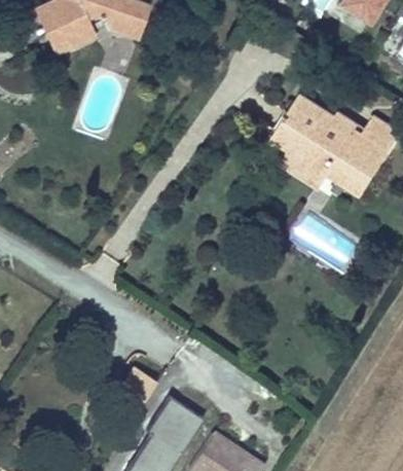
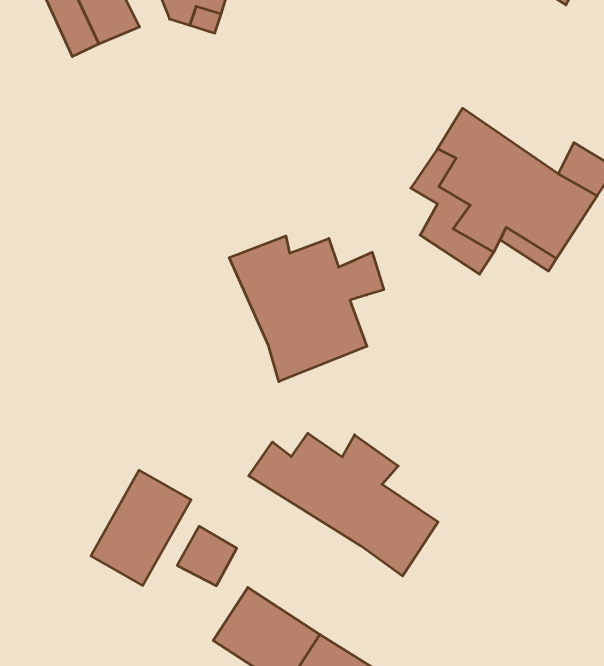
building: none -> [229,236,384,382]
building: none -> [249,433,438,576]
building: none -> [91,470,191,585]

